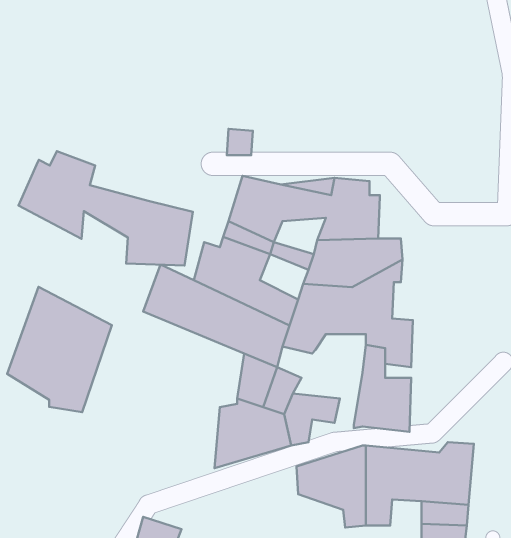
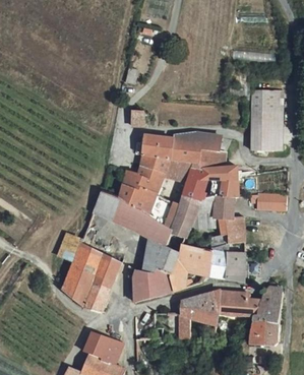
building: none -> [257,86,289,146]
building: [18,151,193,266] -> none
building: none -> [164,157,194,178]
building: none -> [254,188,283,210]
building: [7,287,112,412] -> [59,238,120,311]
building: none -> [175,240,216,277]

